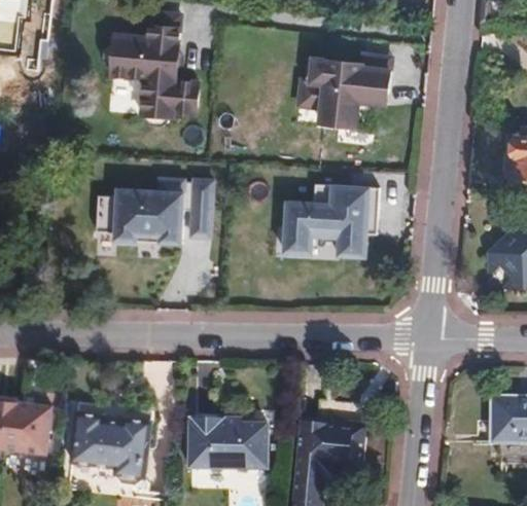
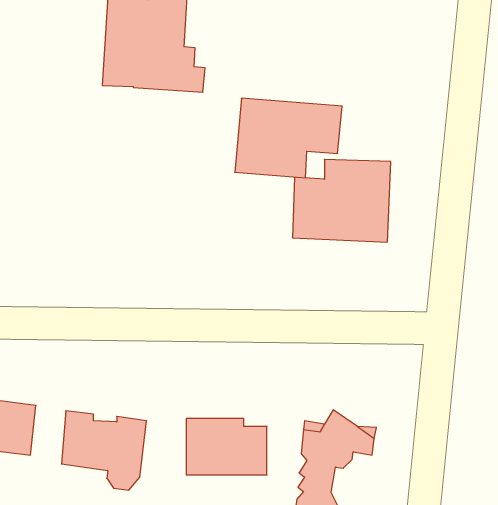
building: [300,52,399,127] -> [235,98,342,178]
building: [100,179,217,243] -> none

